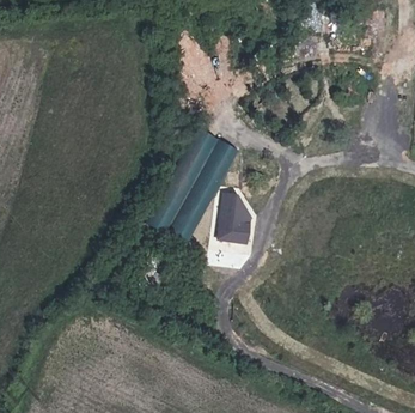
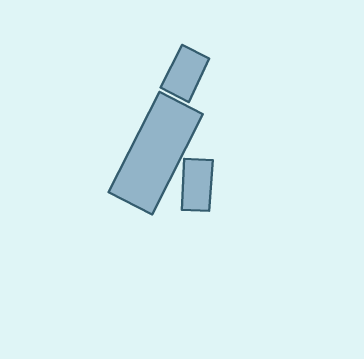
building: none -> [160,45,209,102]

